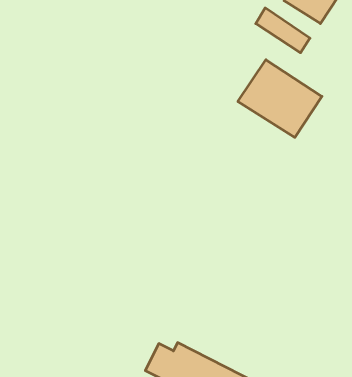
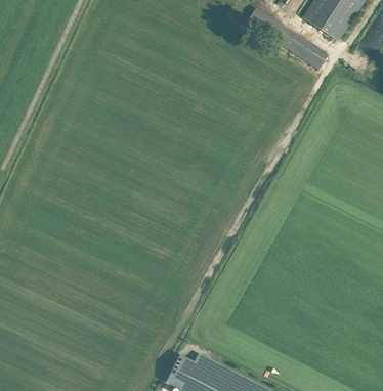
building: [238,60,322,137] -> none

